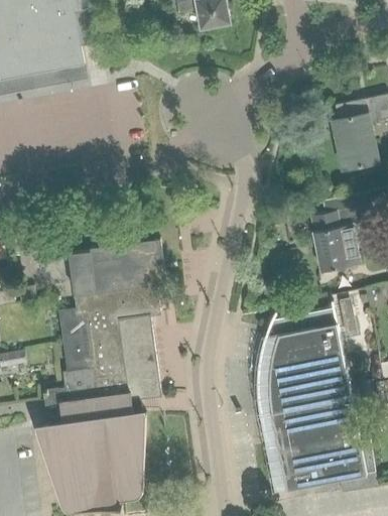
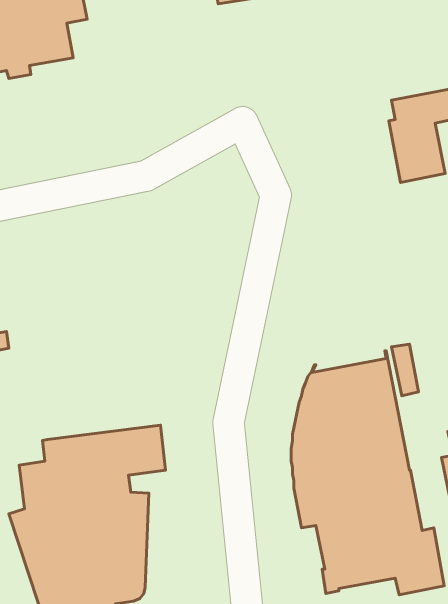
building: [312,192,372,271] -> none
building: [59,239,166,370] -> none

